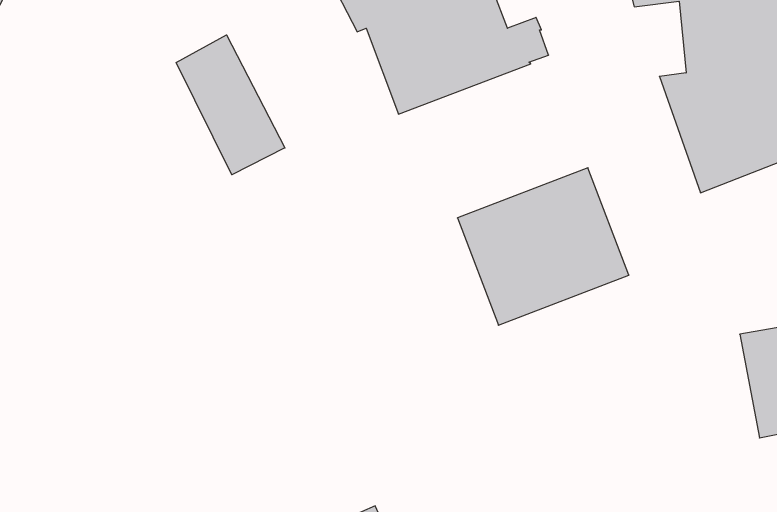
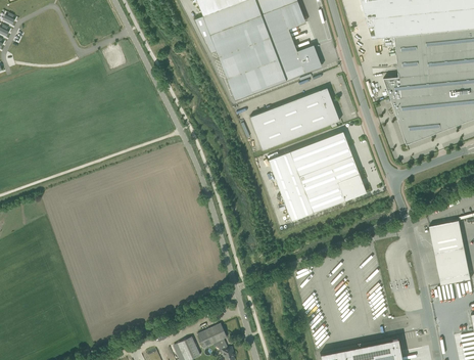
building: [176,35,285,175] -> none
building: none -> [250,87,340,149]

